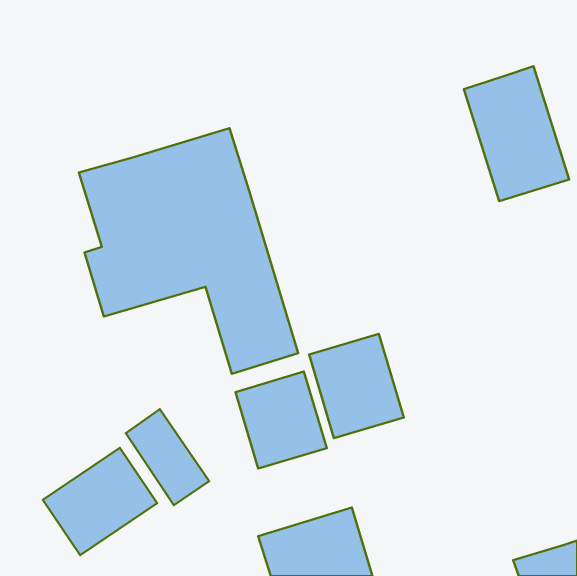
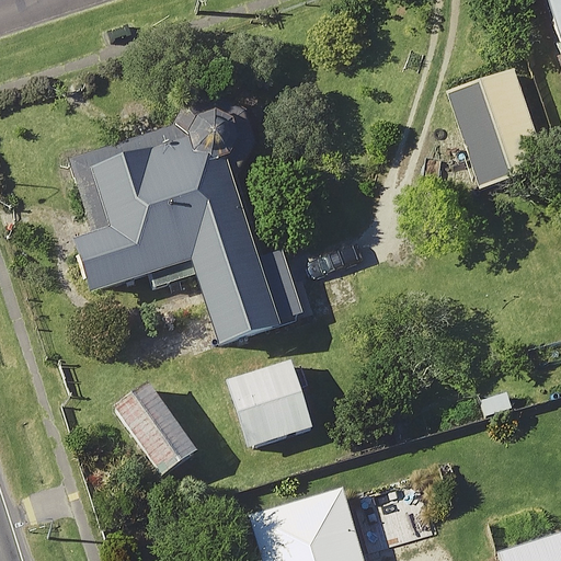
building: [309,334,404,438] -> none
building: [43,448,157,555] -> none

